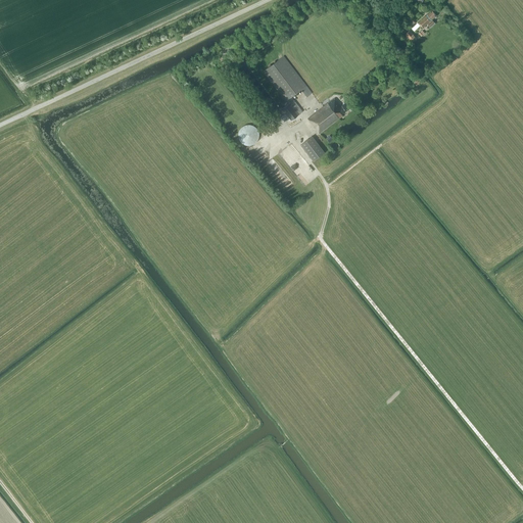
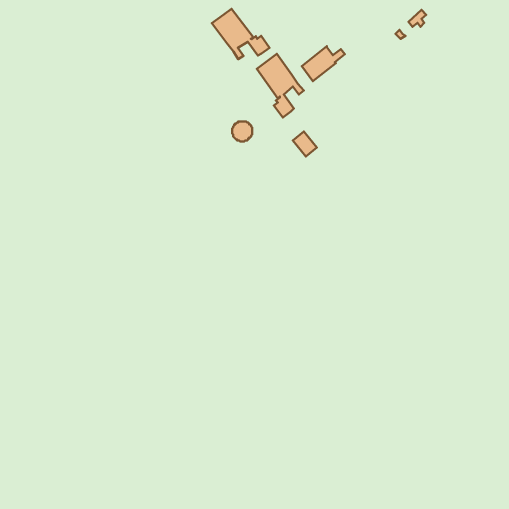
building: none -> [212,9,270,59]
building: [308,97,352,133] -> [302,46,345,81]

